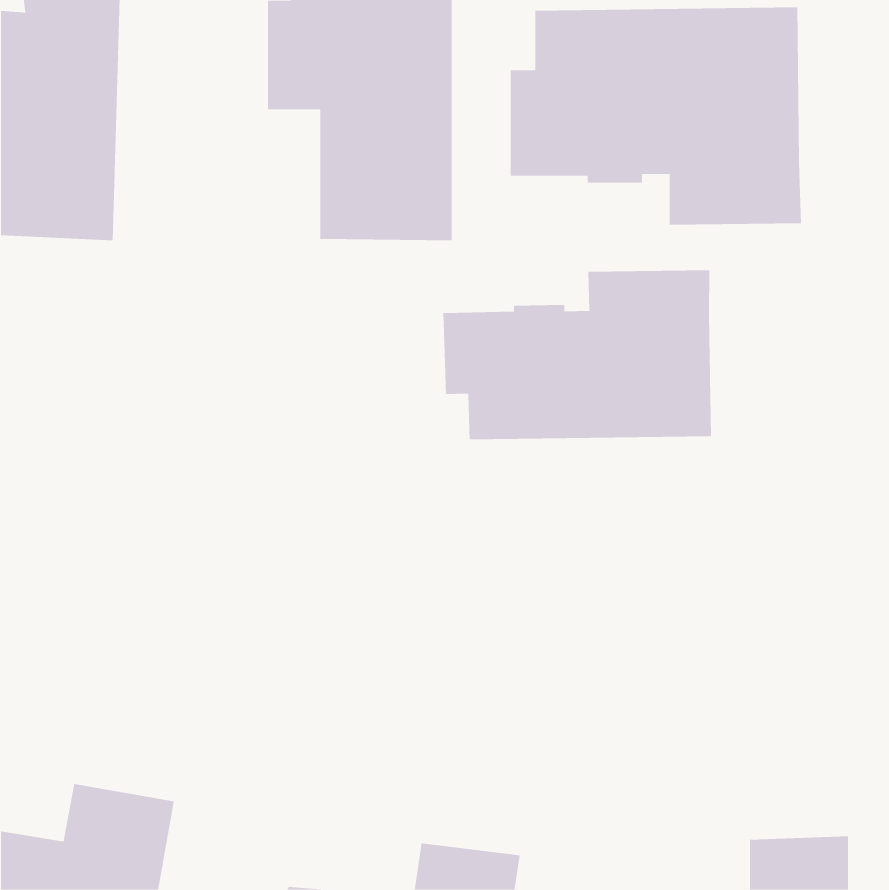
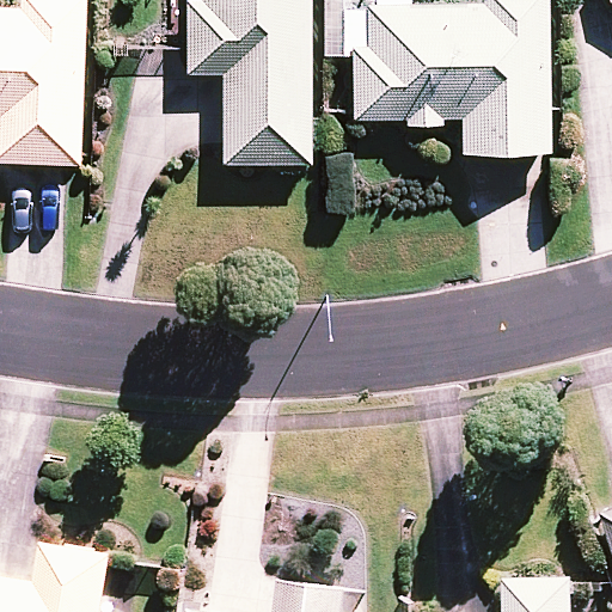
building: [443,269,711,440] -> none

